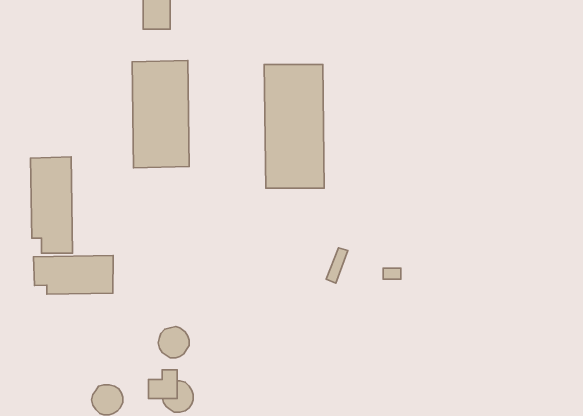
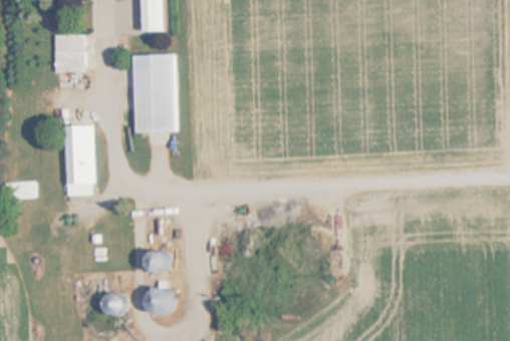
building: none -> [54,33,84,72]
building: [264,65,324,188] -> none
building: [34,256,113,294] -> none

